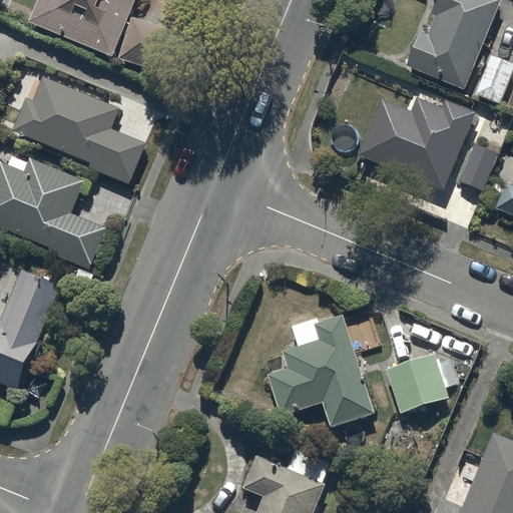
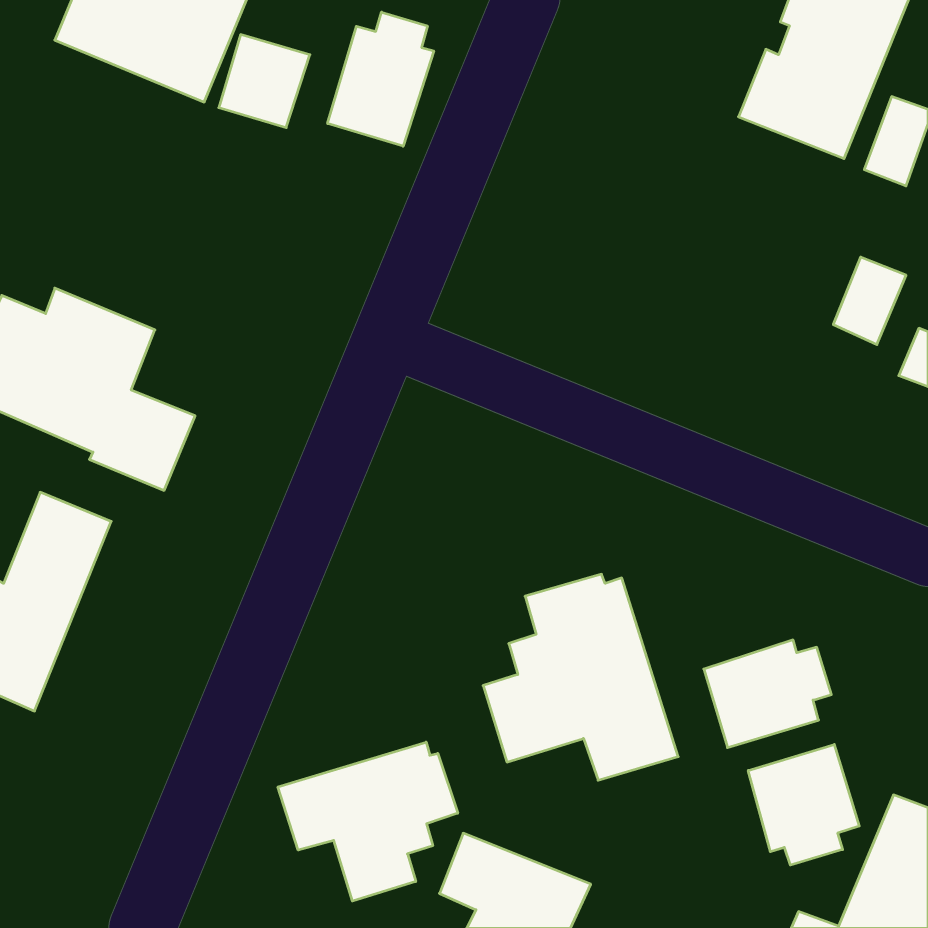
building: none -> [328,12,434,146]
building: [13,77,147,184] -> none
building: [357,94,476,187] -> none
building: none -> [278,742,458,901]
building: none -> [748,744,859,865]

